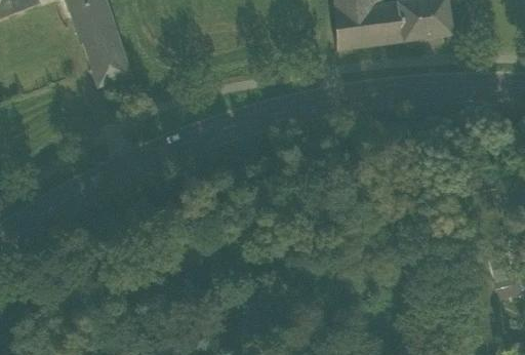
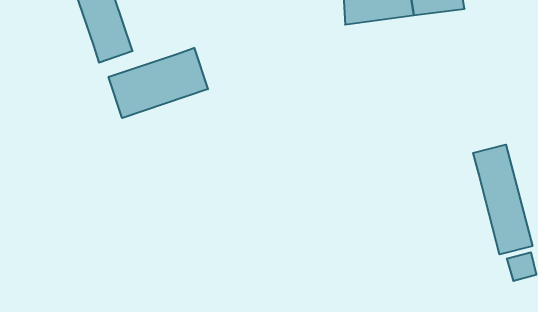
building: none -> [109,48,208,118]
building: none -> [473,145,532,254]

